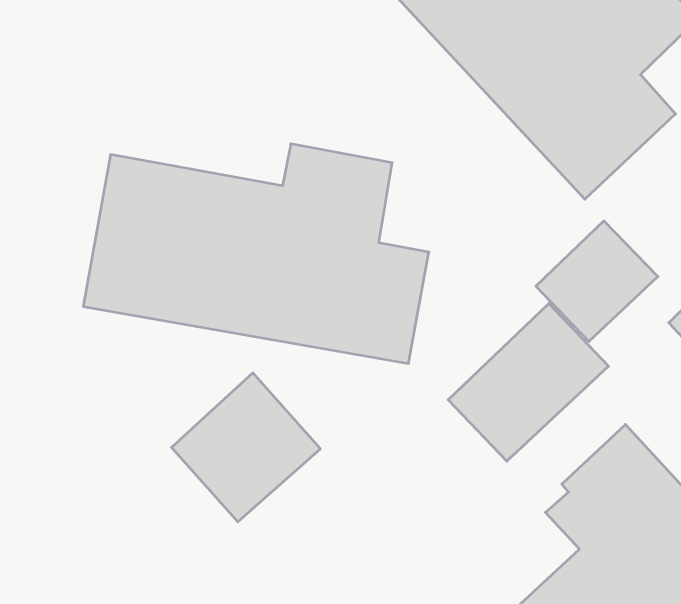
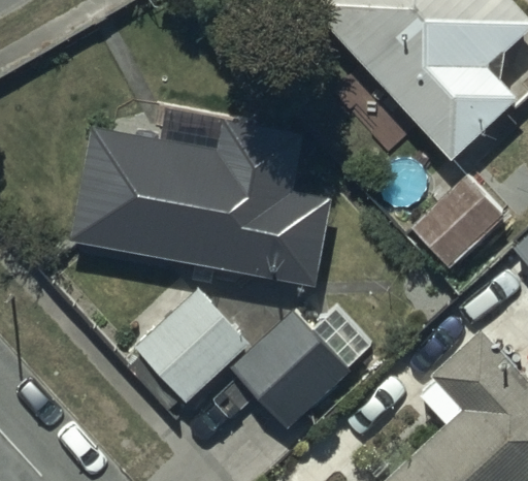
building: [448,303,609,461] -> none
building: none -> [230,312,371,432]

